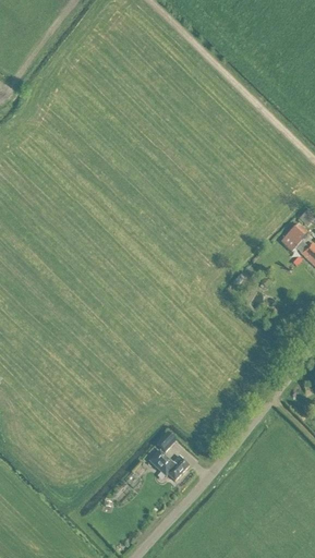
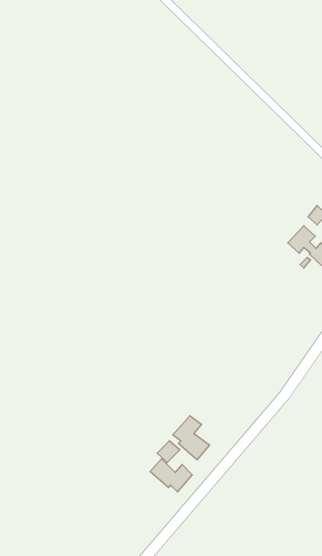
building: none -> [173,416,209,460]

